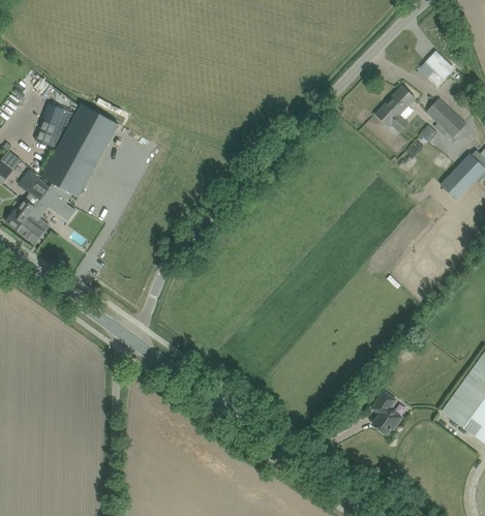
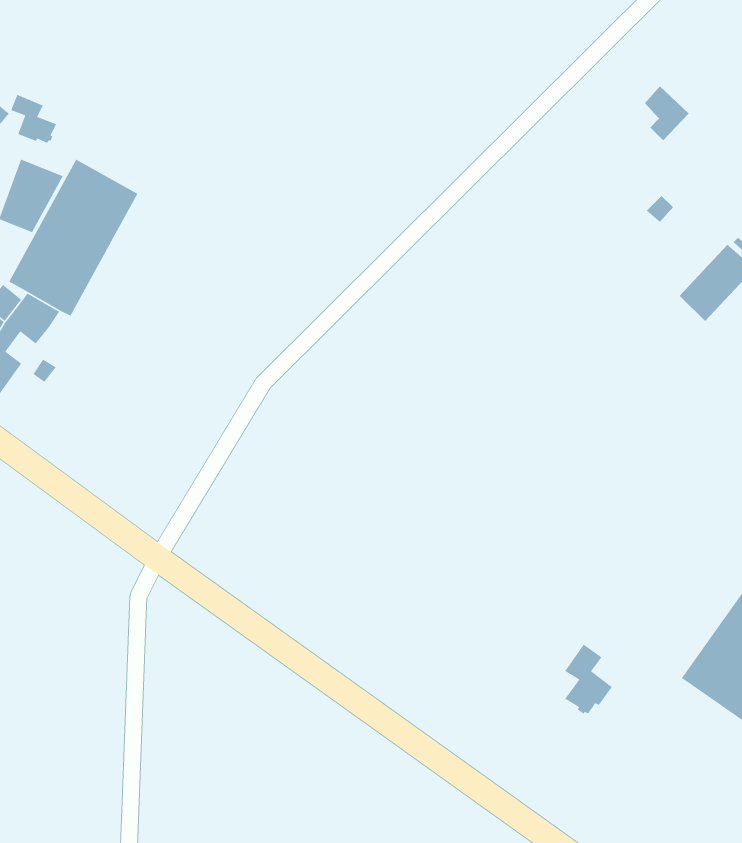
building: none -> [10,94,57,144]
building: [375,85,416,132] -> none
building: [426,98,465,138] -> none

